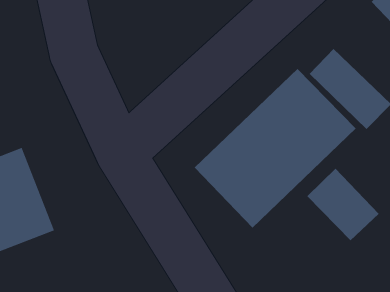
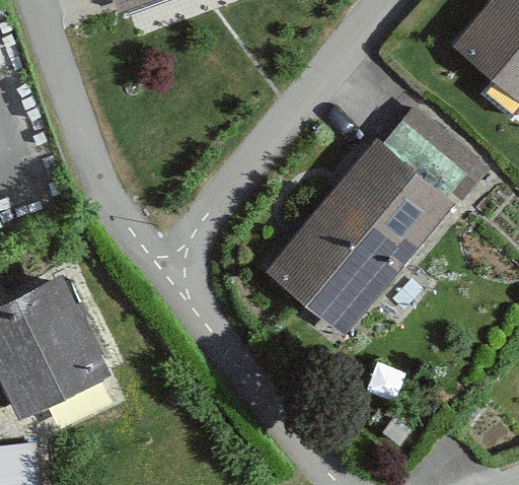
building: [306,168,380,241] -> none

